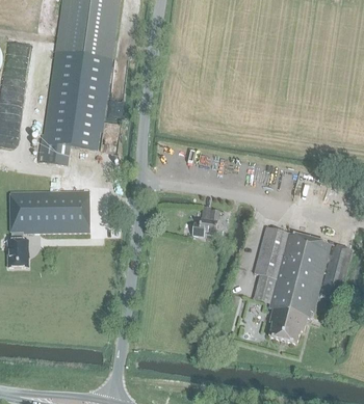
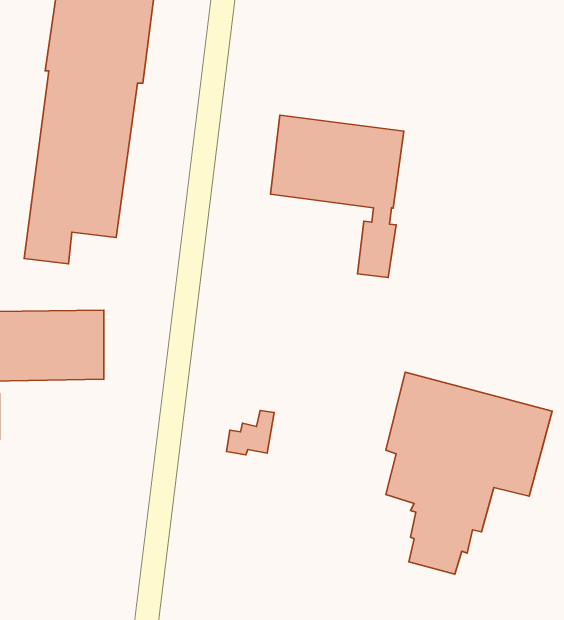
building: none -> [270,115,404,277]
building: [192,210,220,236] -> [226,411,274,455]

